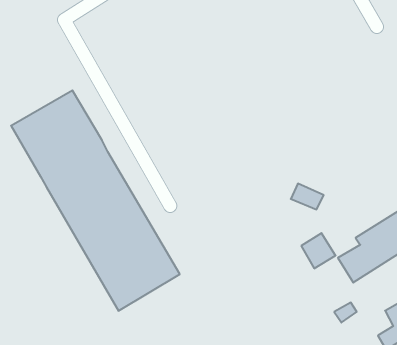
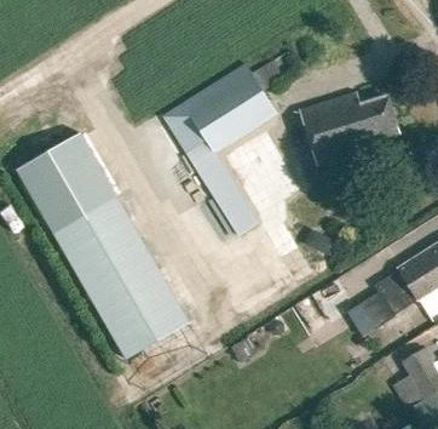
building: none -> [162,64,273,234]
building: none -> [298,92,397,166]

